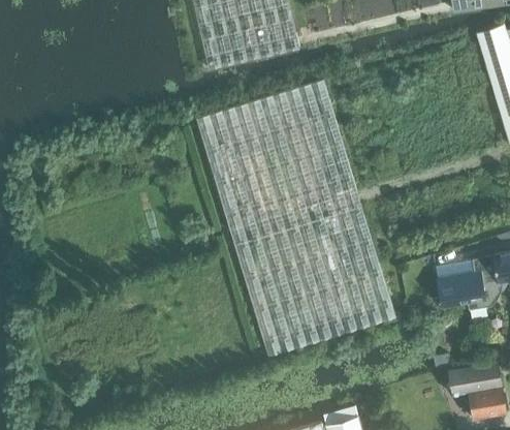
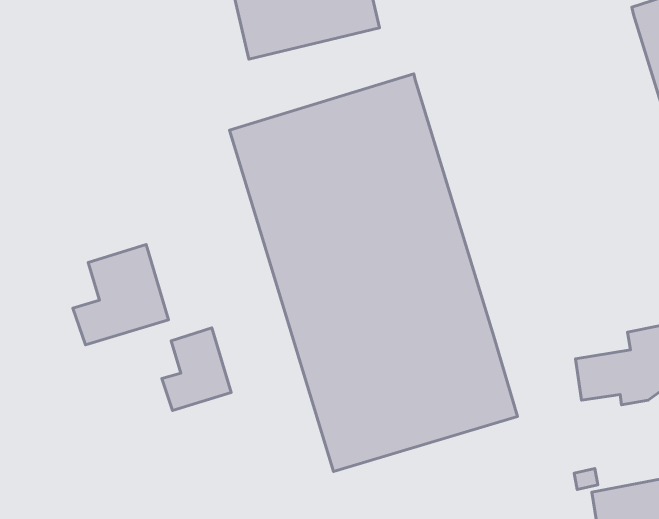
building: none -> [73,244,168,345]
building: none -> [162,328,231,410]

